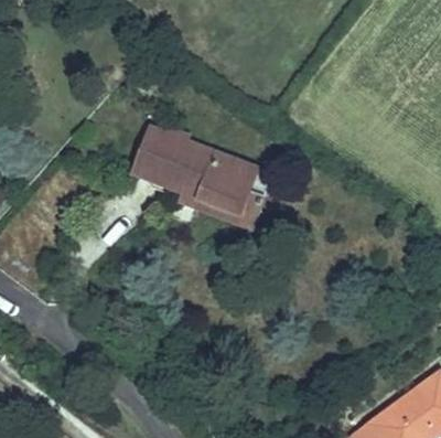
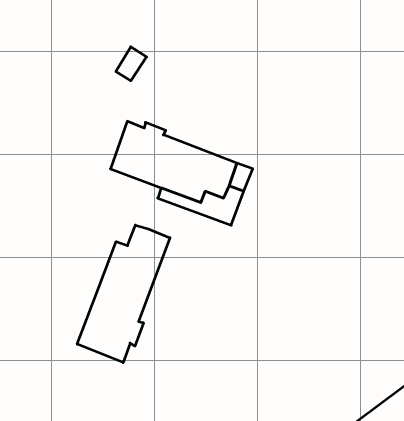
building: none -> [77,225,170,363]

